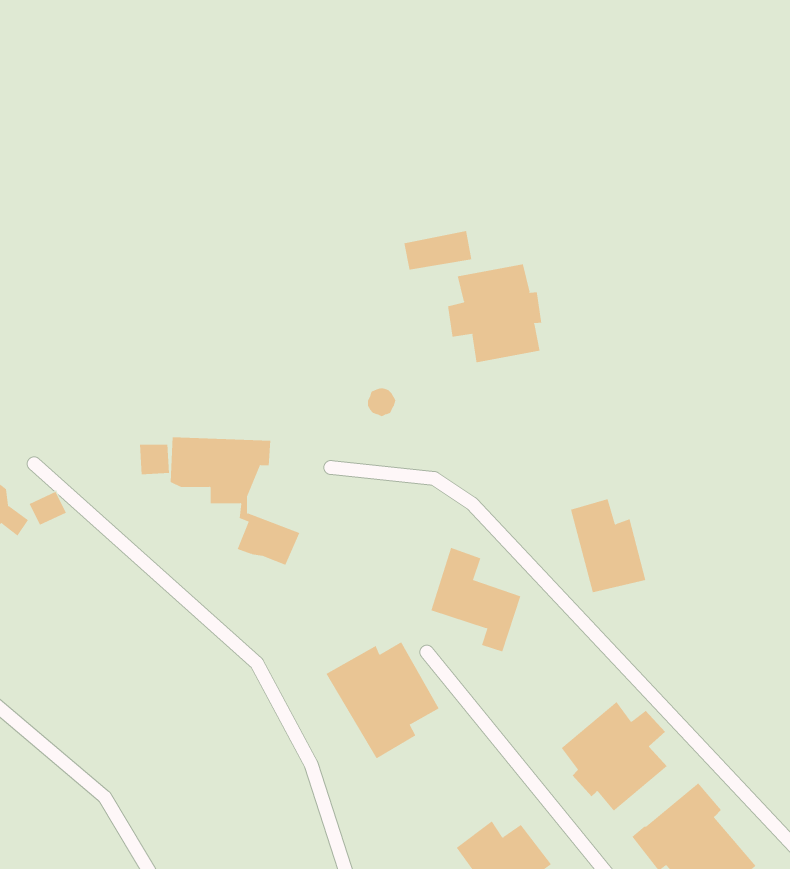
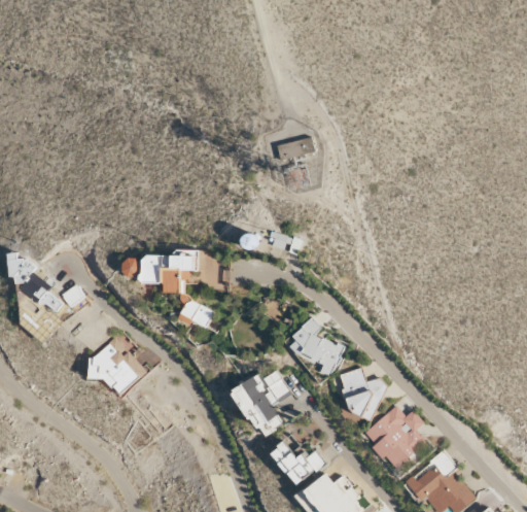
building: [447,264,542,363] -> none
building: [570,499,646,593] -> [339,368,382,421]
building: none -> [82,337,145,397]
building: none -> [268,442,322,485]

